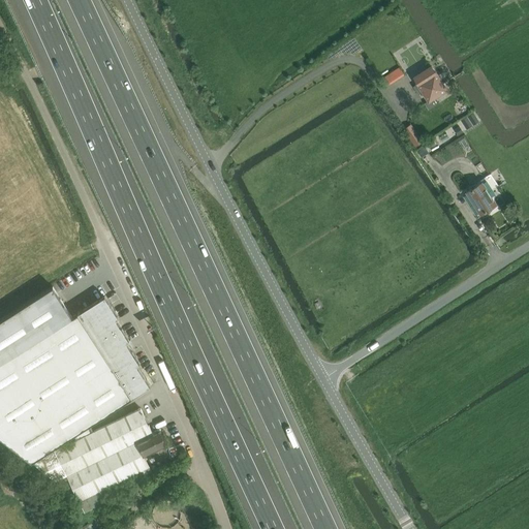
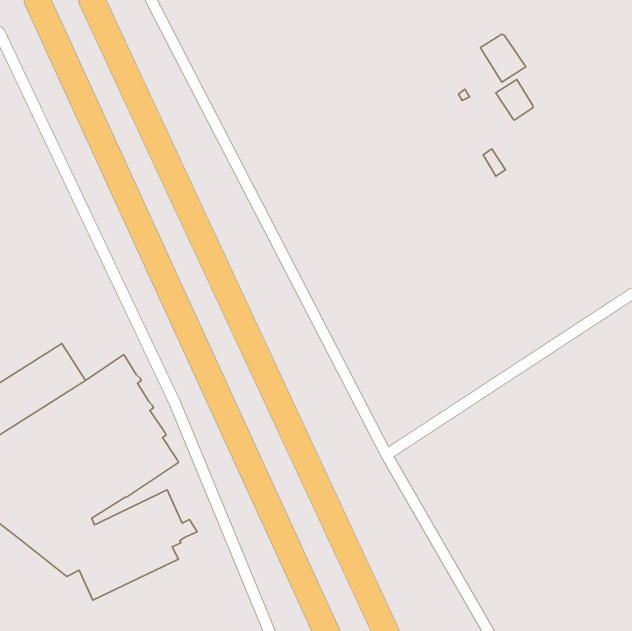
building: none -> [481,34,526,82]
building: [466,185,495,216] -> none

